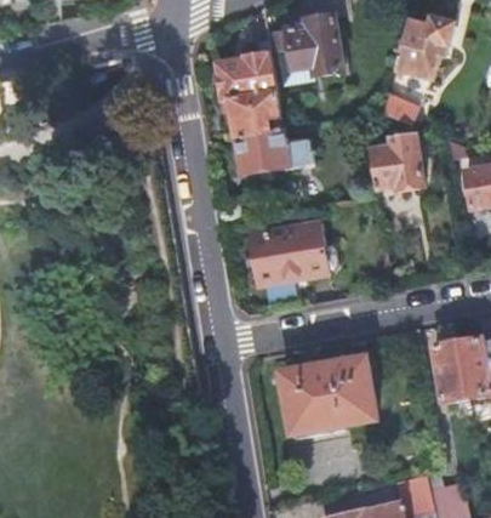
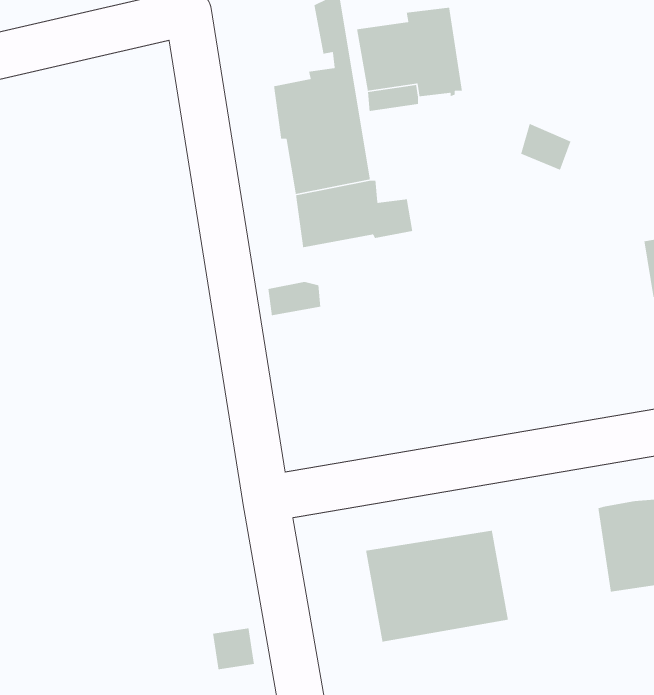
building: [394,18,453,76] -> none
building: [364,132,418,188] -> none
building: [249,218,329,281] -> none

